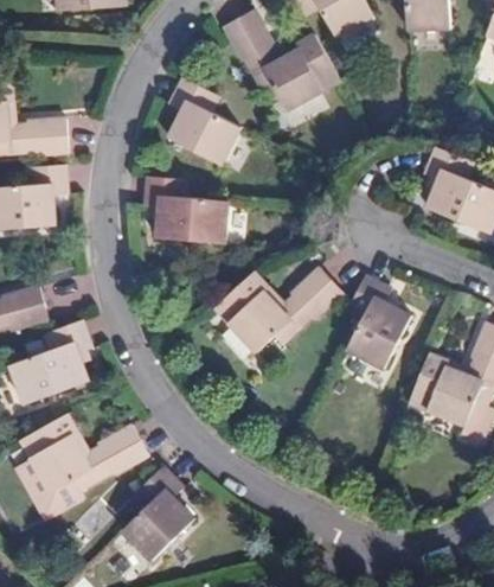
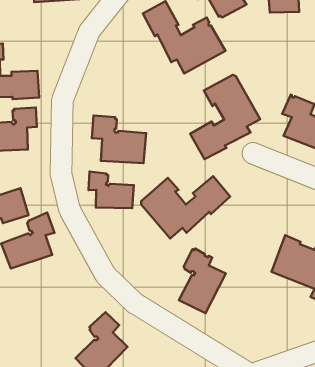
building: [167,78,244,167] -> none
building: none -> [190,75,260,159]
building: none -> [89,172,134,208]
building: [342,276,411,371] -> [179,248,226,313]
building: [15,415,148,502] -> none

